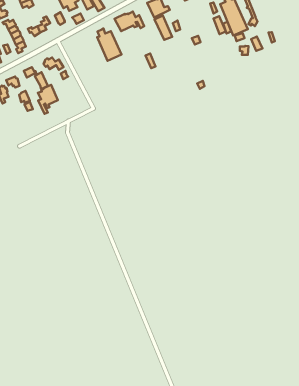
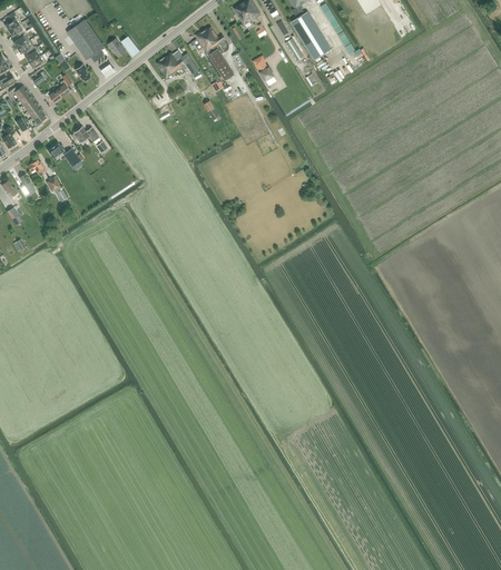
building: [97,28,121,61] -> none
building: [38,85,58,114] -> none

